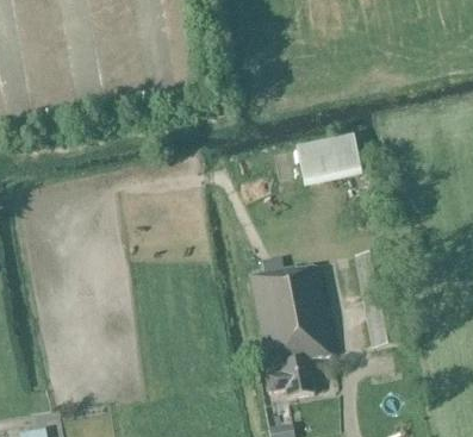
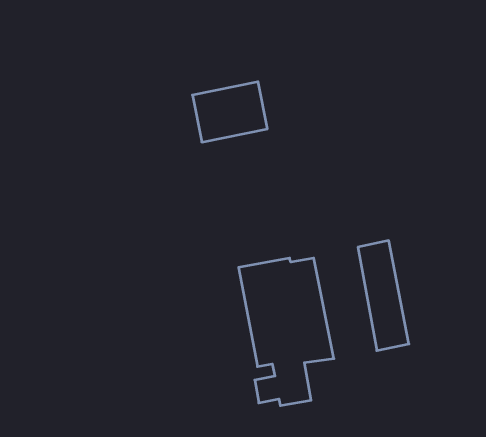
building: [294,132,361,186] -> [192,82,267,142]

